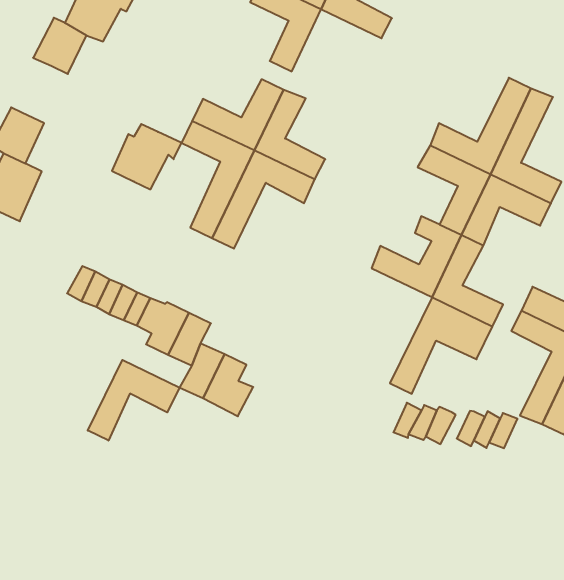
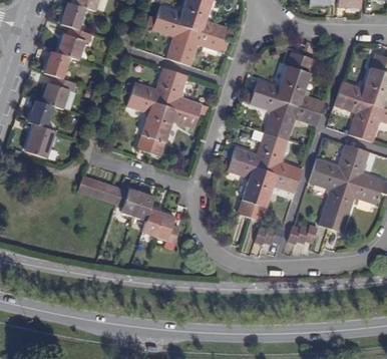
building: none -> [178,28,229,66]
building: [112,124,182,189] -> [42,75,76,108]
building: none -> [229,158,266,217]
building: [88,360,179,441] -> none

